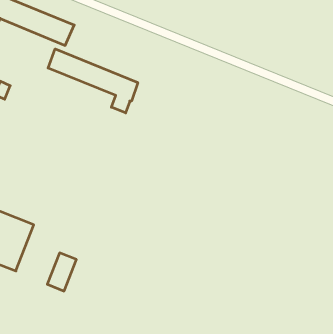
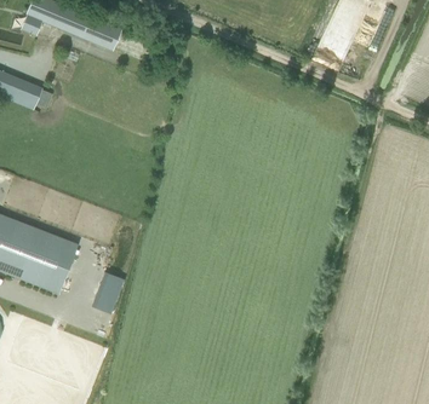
building: [48,49,138,113] -> none

